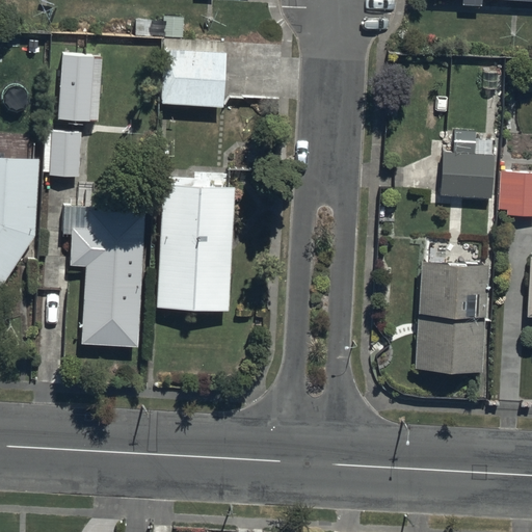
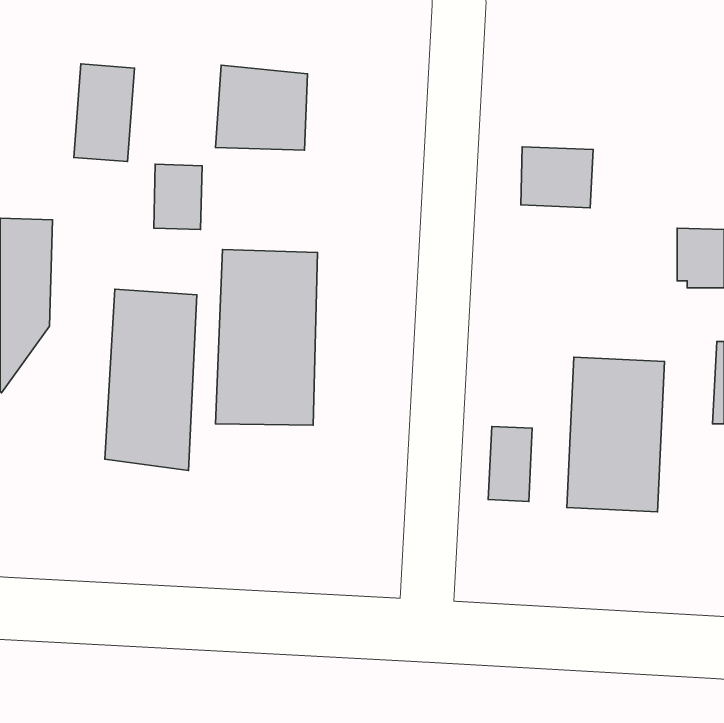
building: [42,128,77,176] -> [154,164,202,230]
building: [438,150,491,194] -> [521,147,593,208]
building: none -> [488,426,532,501]

